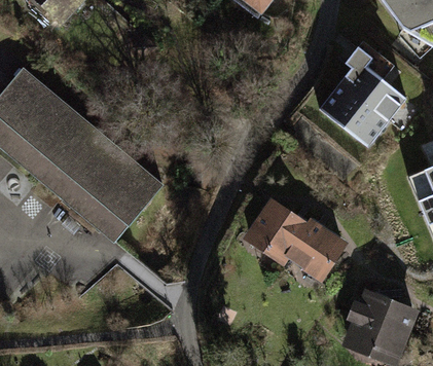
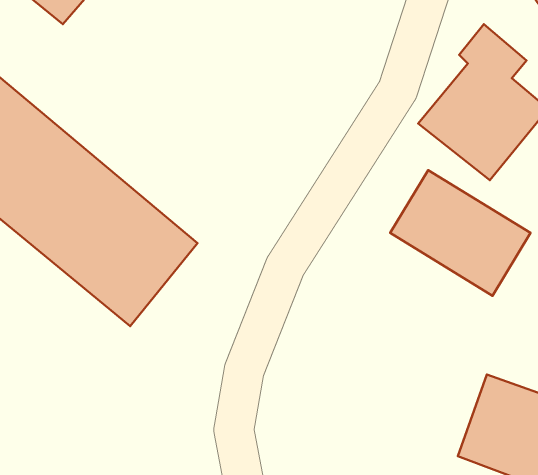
building: [252,206,351,294] -> [390,170,530,296]

